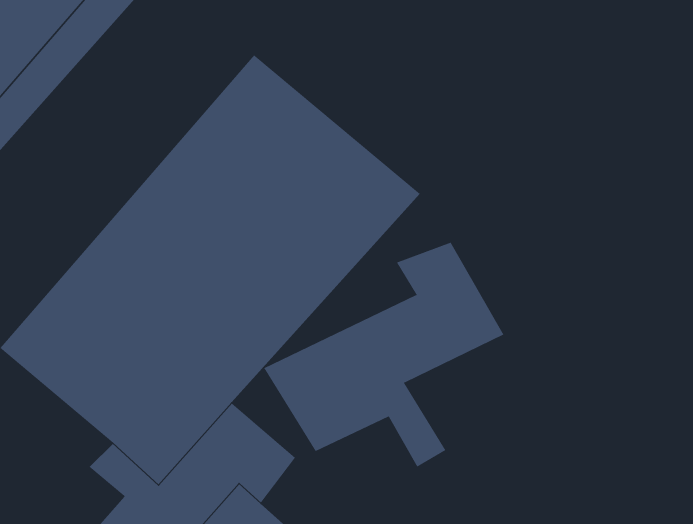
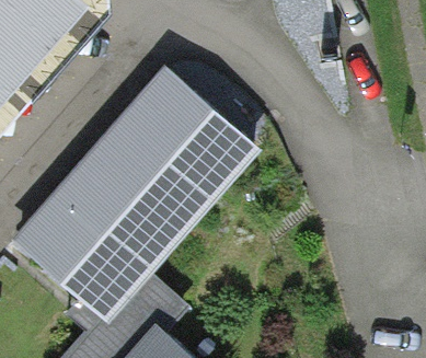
building: [263,242,504,467] -> none

